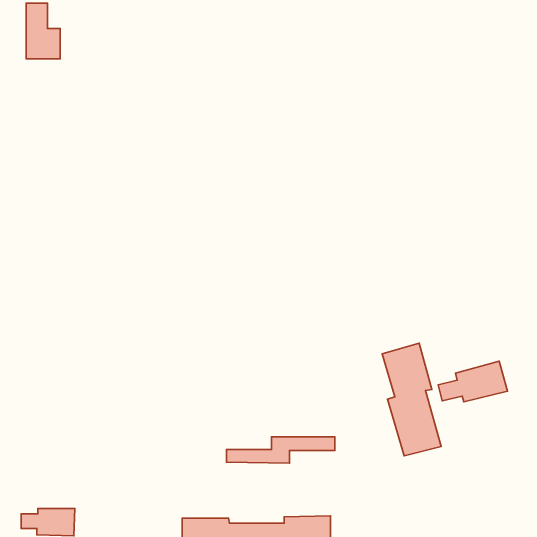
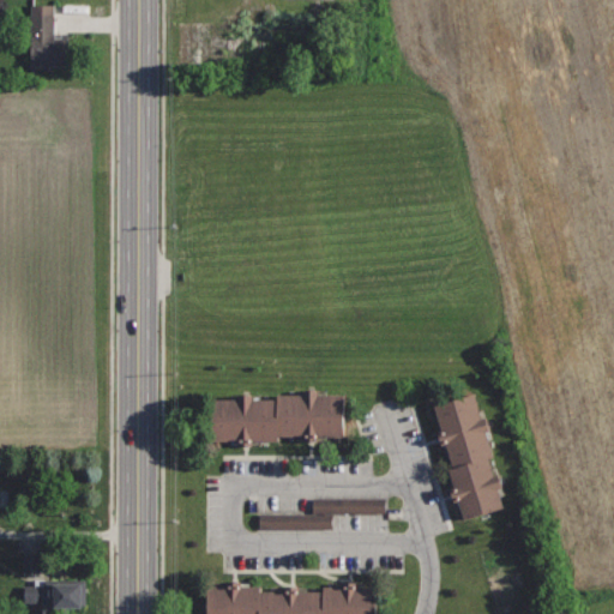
building: none -> [211,392,347,440]
building: [438,361,508,402] -> none

